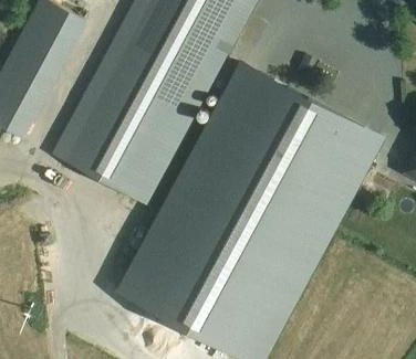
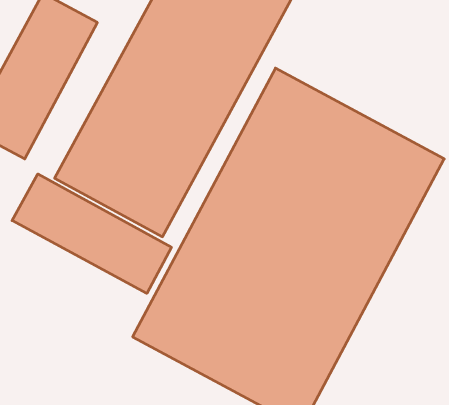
building: none -> [12,174,171,293]

